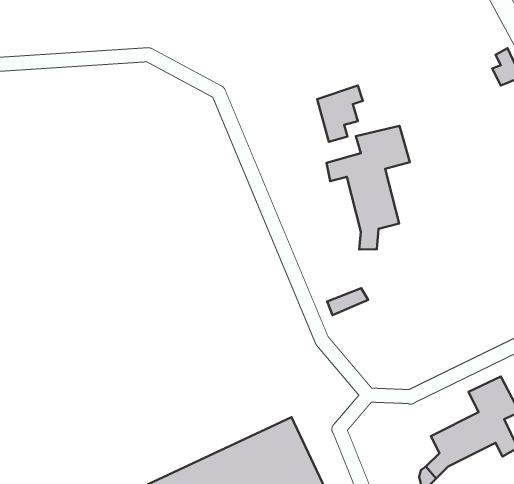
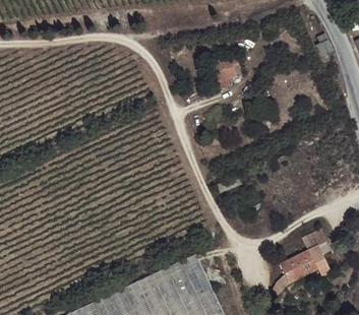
building: [327,126,410,250] -> none

